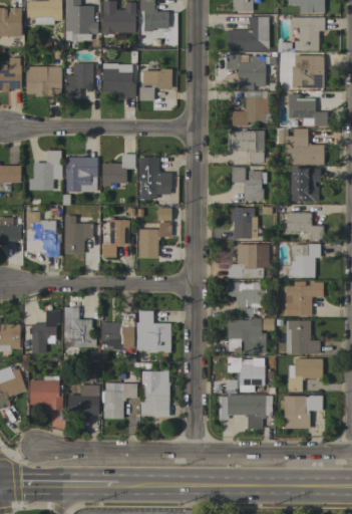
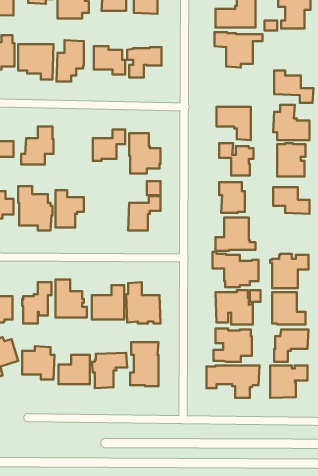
building: [292,55,324,88] -> none
building: [232,90,276,126] -> none
building: [66,157,97,192] -> none
building: [102,218,136,257] -> none
building: [289,244,320,277] -> none

